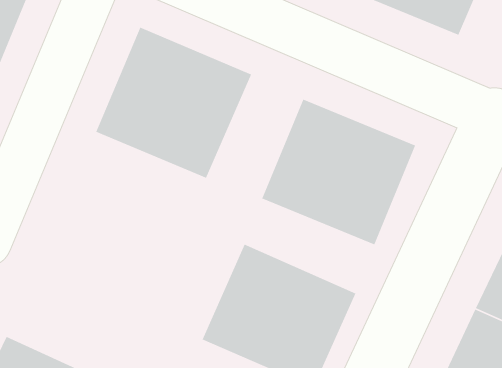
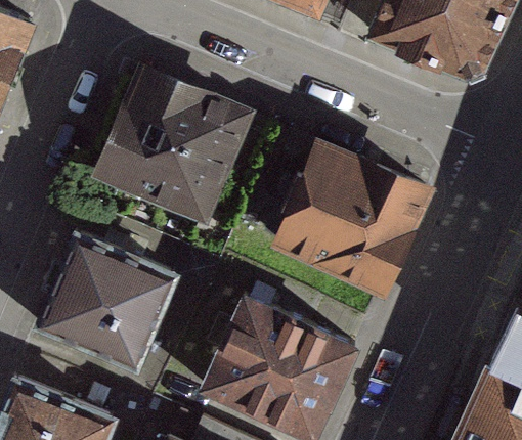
building: none -> [32,230,182,371]

